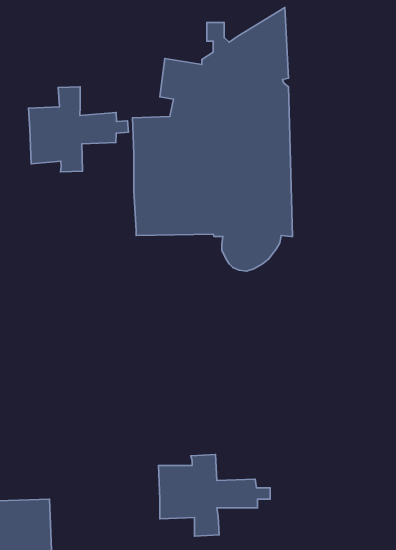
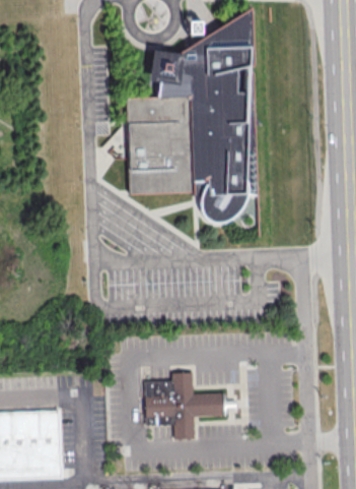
building: [29,87,128,172] -> none

